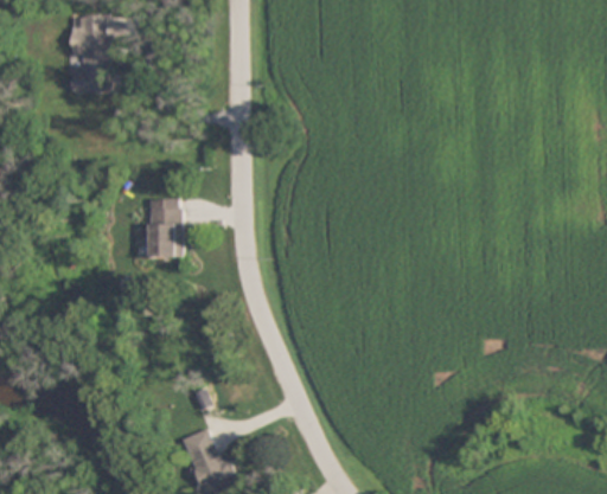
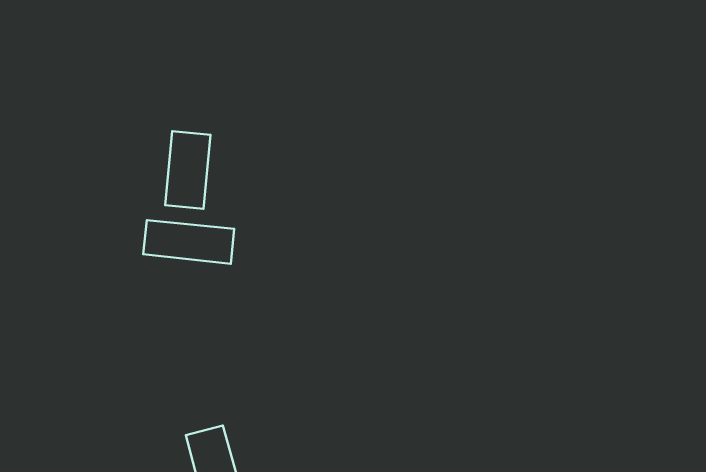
building: none -> [143,220,234,264]

